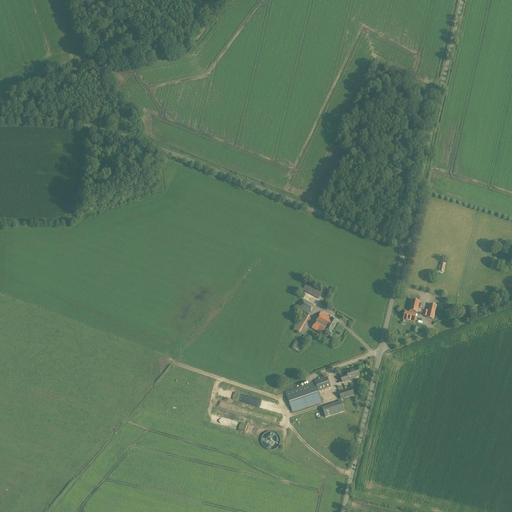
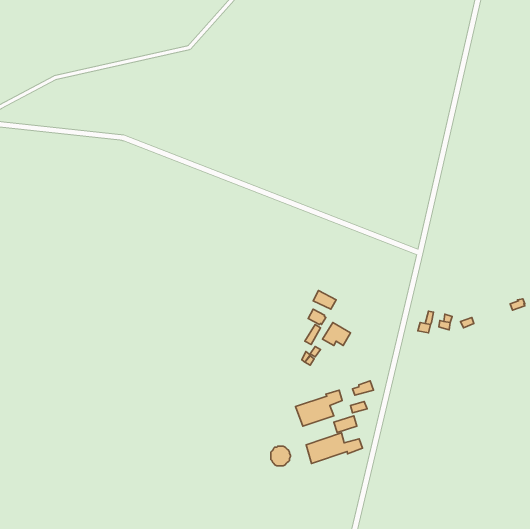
building: none -> [306,433,363,463]

